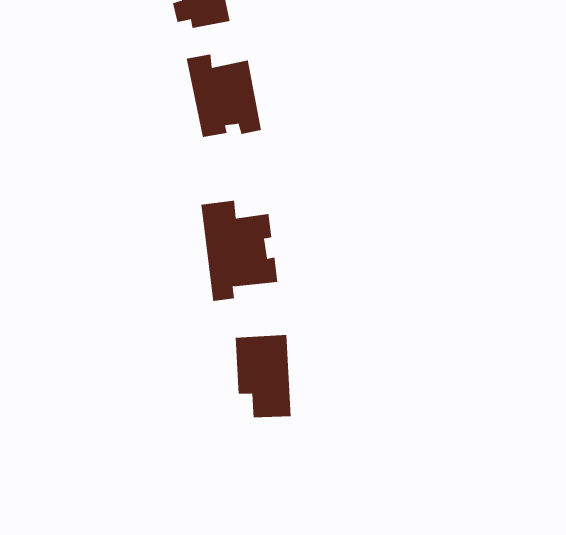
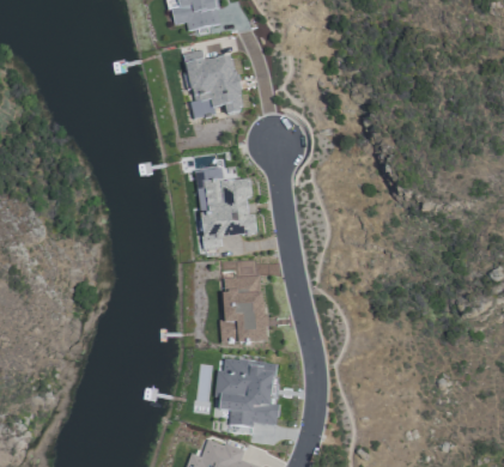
building: none -> [213,356,280,426]

